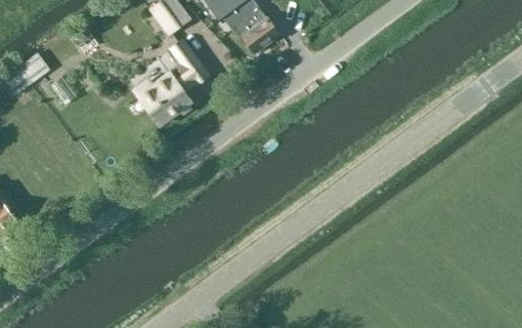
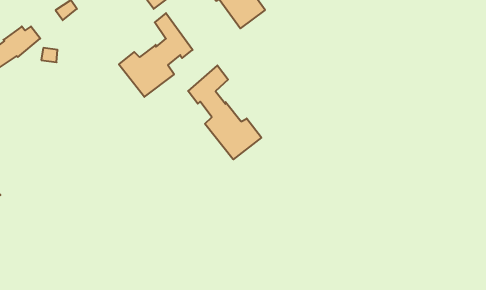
building: none -> [188,65,261,159]

